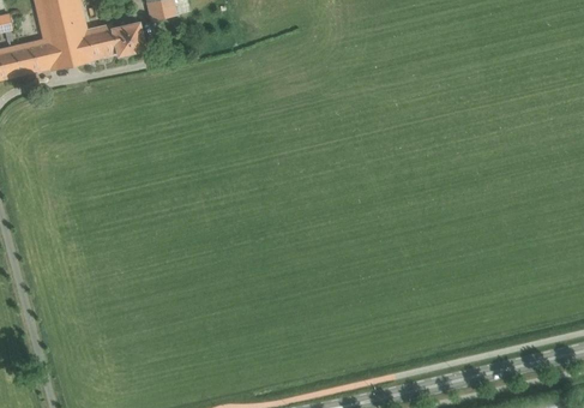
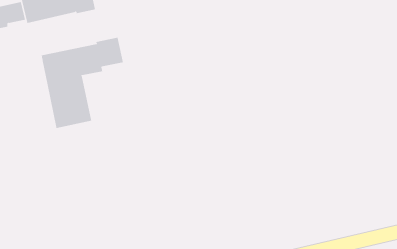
building: none -> [41,37,124,129]

